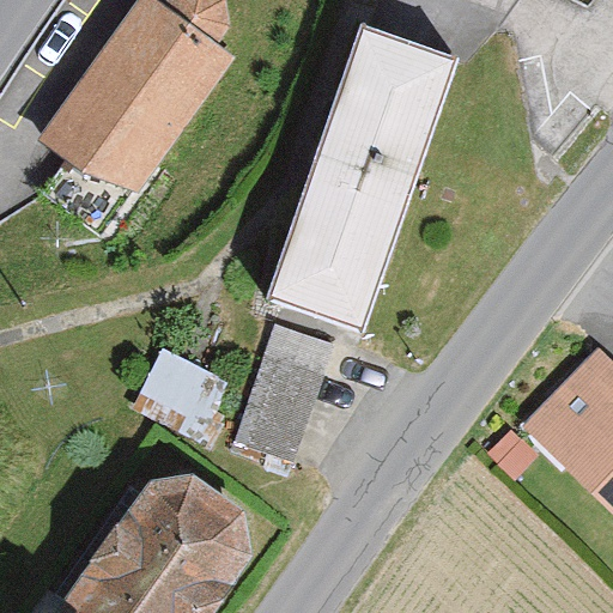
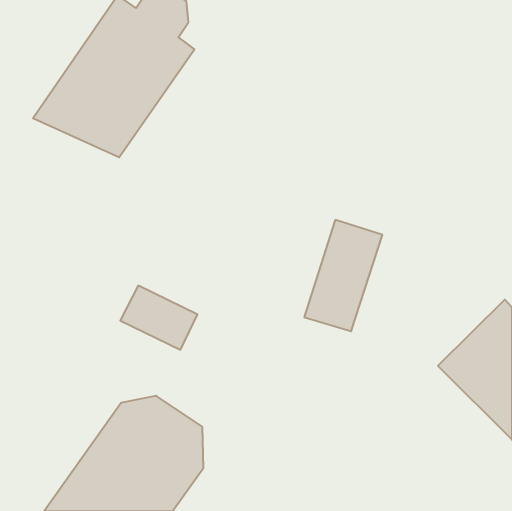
building: [273,32,451,324] -> none
building: [237,324,330,457] -> [304,220,382,331]

